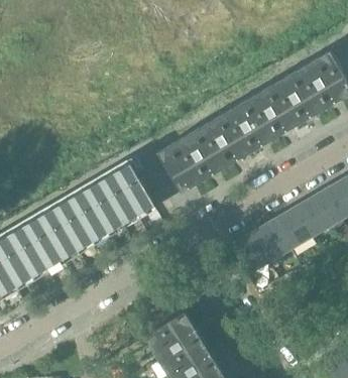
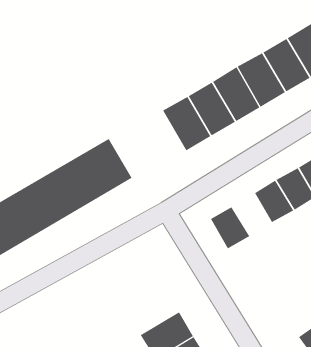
building: [157,137,206,192] -> none
building: [251,219,291,261] -> none
building: [144,310,200,359] -> none

